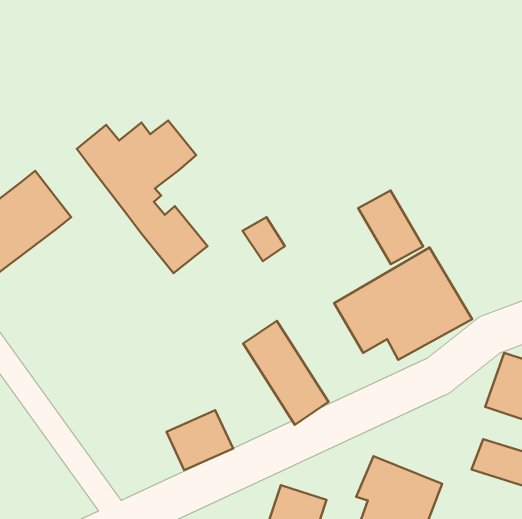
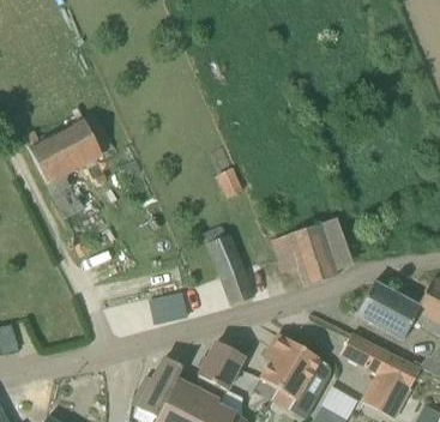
building: [77,121,207,273] -> none
building: [358,190,423,264] -> none

